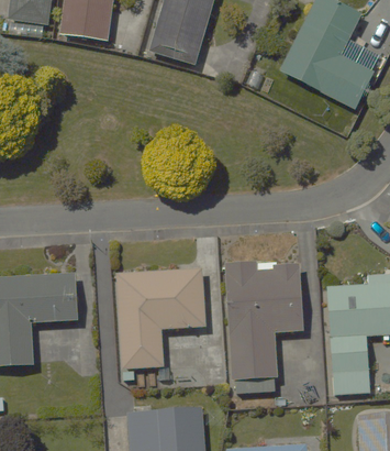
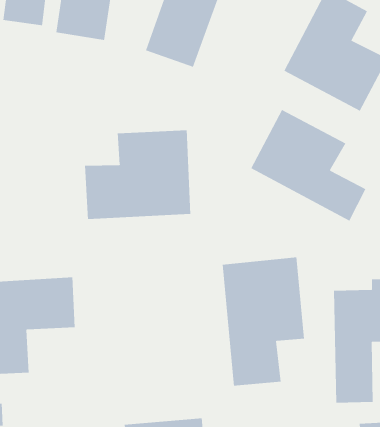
building: none -> [251,109,366,221]
building: none -> [85,129,191,220]
building: [115,262,205,370] -> none

